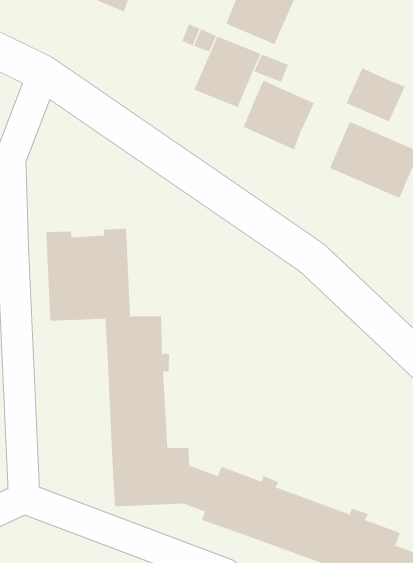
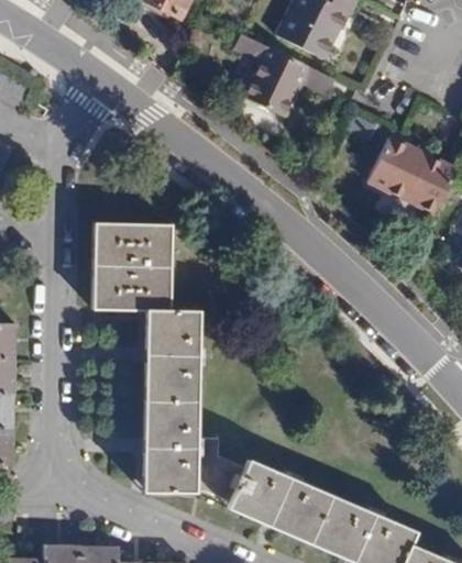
building: [346,68,405,122] -> none
building: [243,80,314,150] -> none

